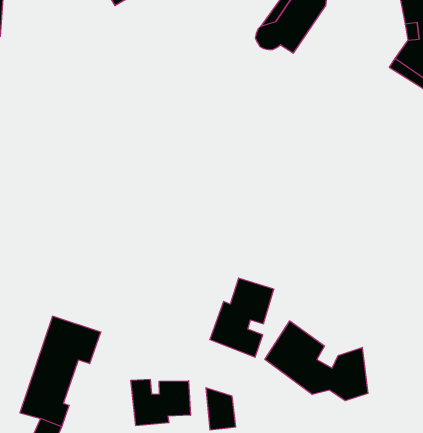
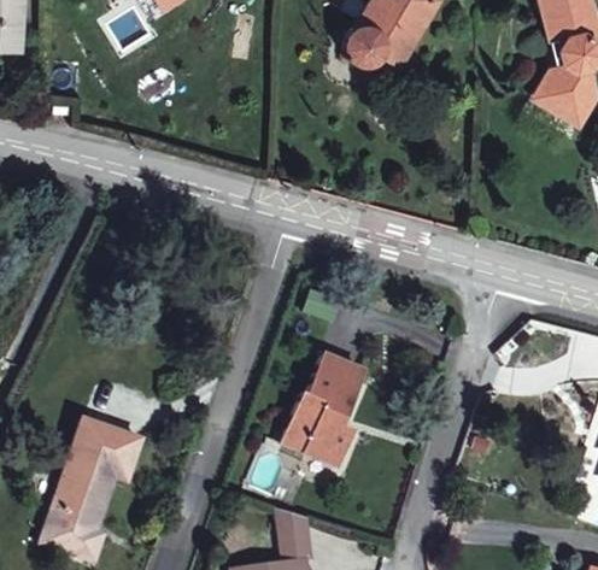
building: [265,321,368,401] -> none
building: [131,379,190,426] -> none

